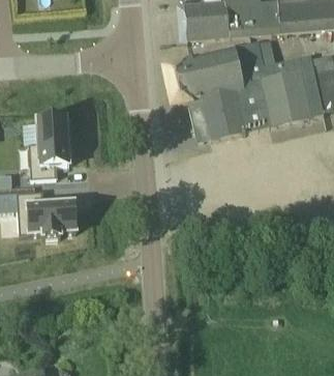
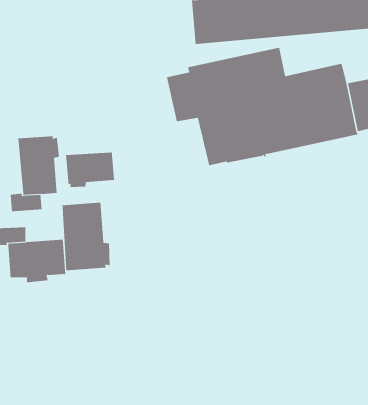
building: none -> [66,151,115,188]
building: none -> [62,202,110,271]

